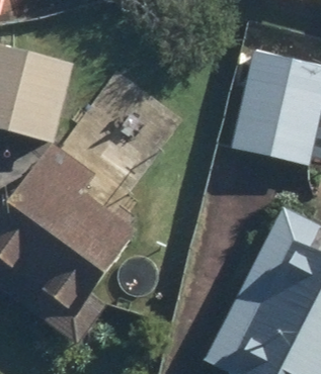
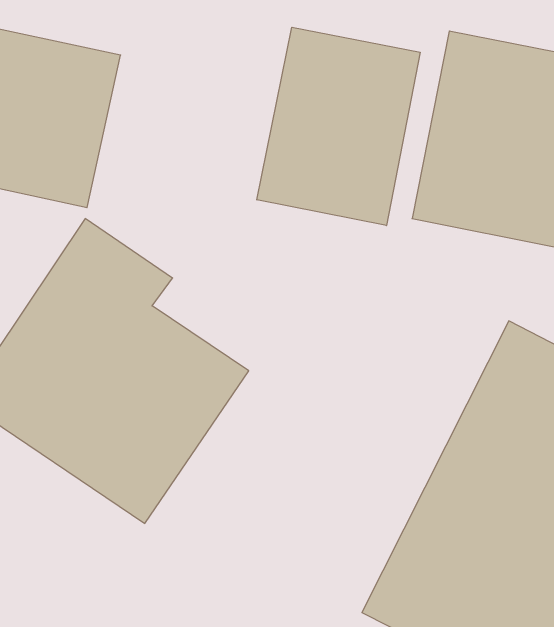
building: none -> [257,27,420,226]

